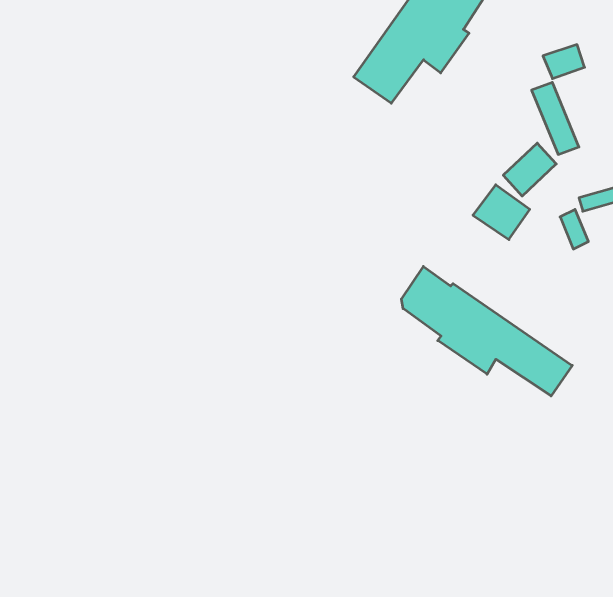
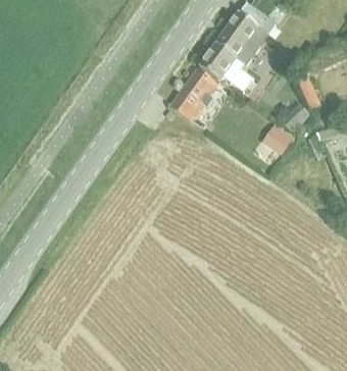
building: none -> [170,68,216,128]
building: [401,266,572,396] -> none

